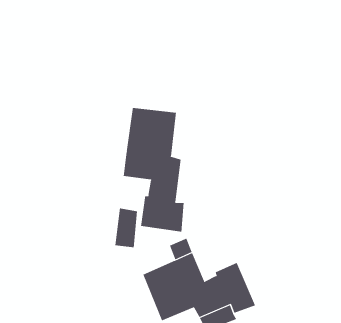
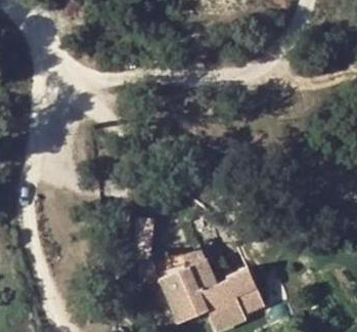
building: [123,107,184,233] -> none

